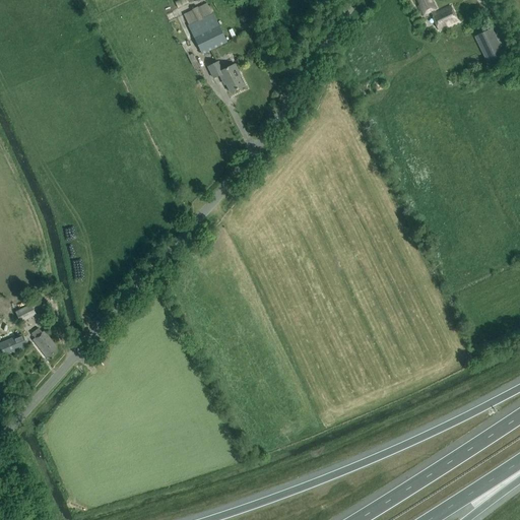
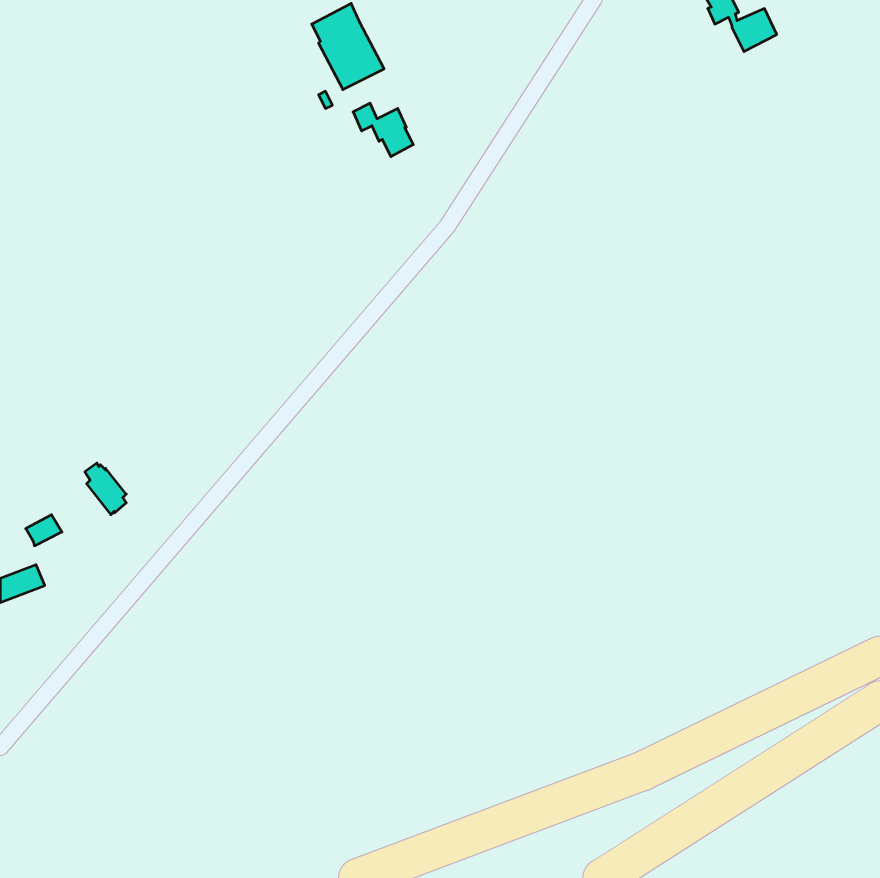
building: [474,27,504,62] -> none
building: [31,327,56,358] -> [85,463,126,515]

